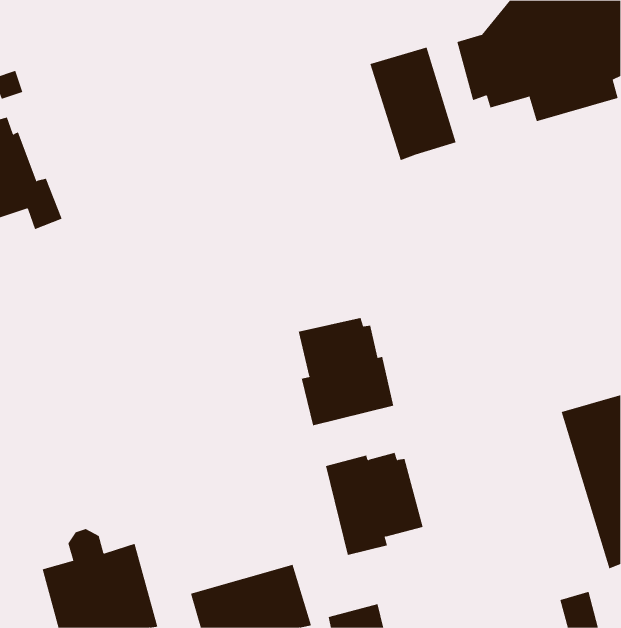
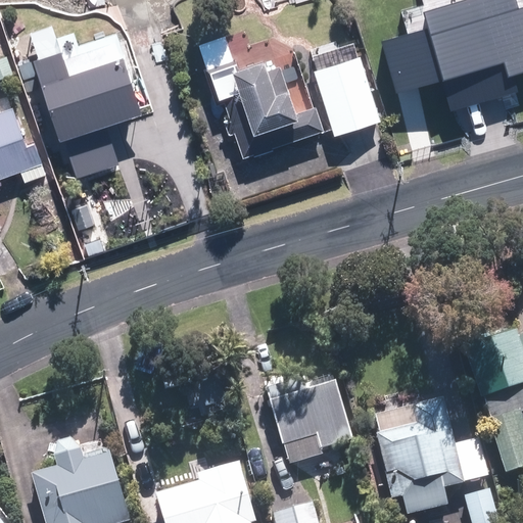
building: none -> [32,33,138,178]
building: none -> [207,40,326,161]
building: [298,317,394,426] -> none
building: none -> [378,397,469,516]

